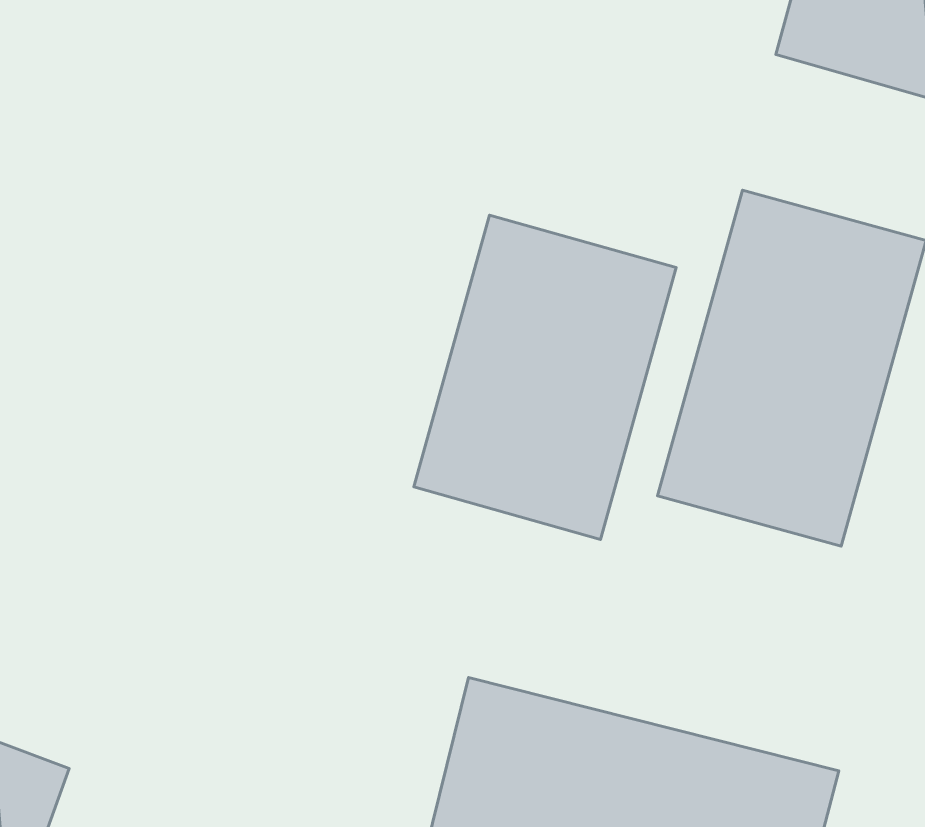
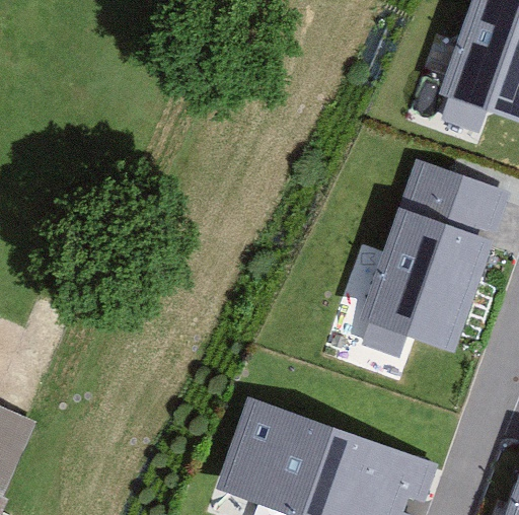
building: [414,215,676,539] -> none

